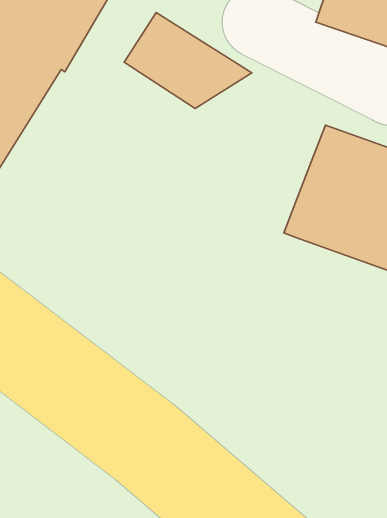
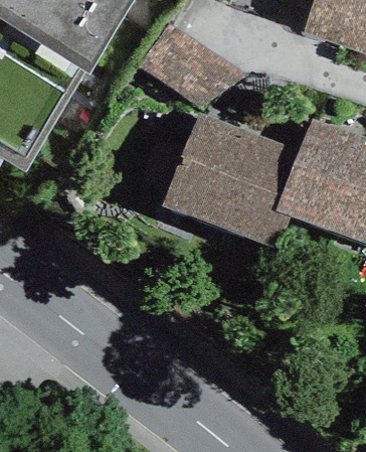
building: none -> [164,110,300,245]

